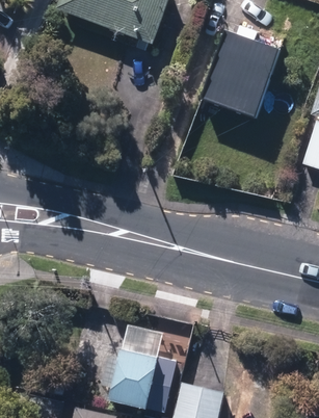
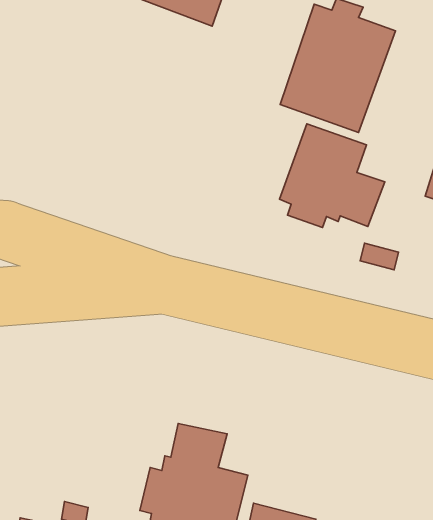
building: none -> [280,124,385,228]

